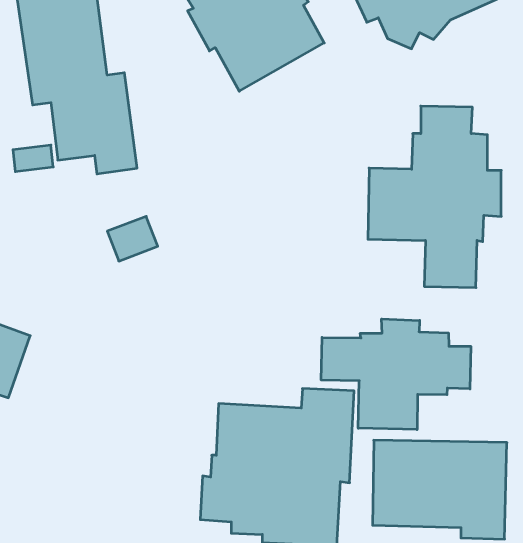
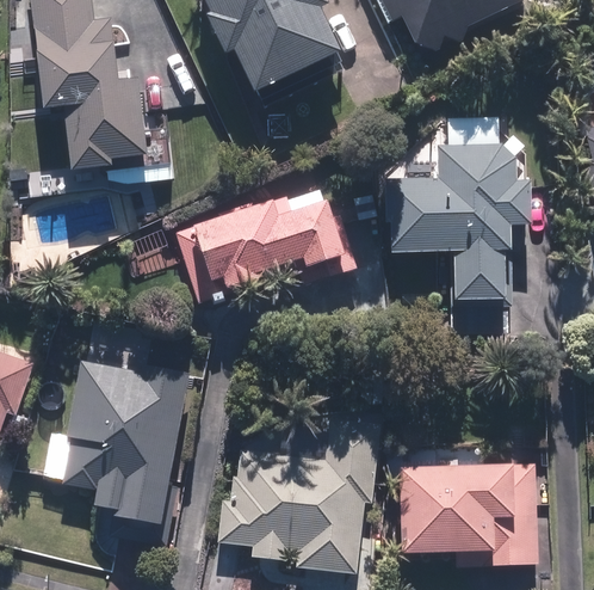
building: none -> [175,183,354,297]
building: [321,319,471,430] -> none
building: none -> [43,345,190,527]

